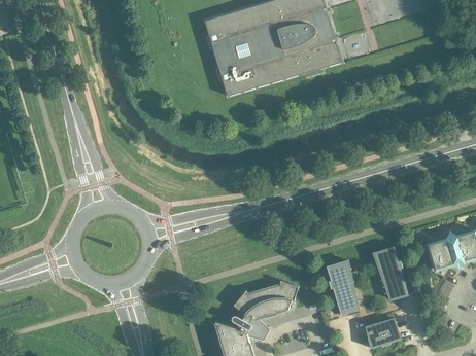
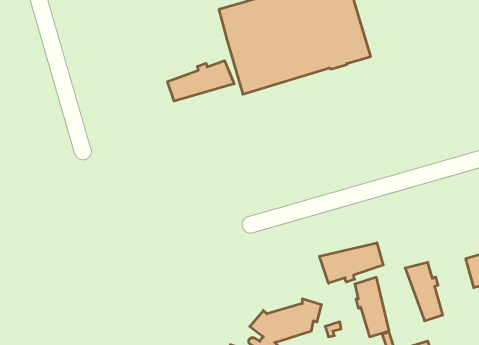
building: none -> [167,61,234,101]
building: none -> [319,243,383,283]

